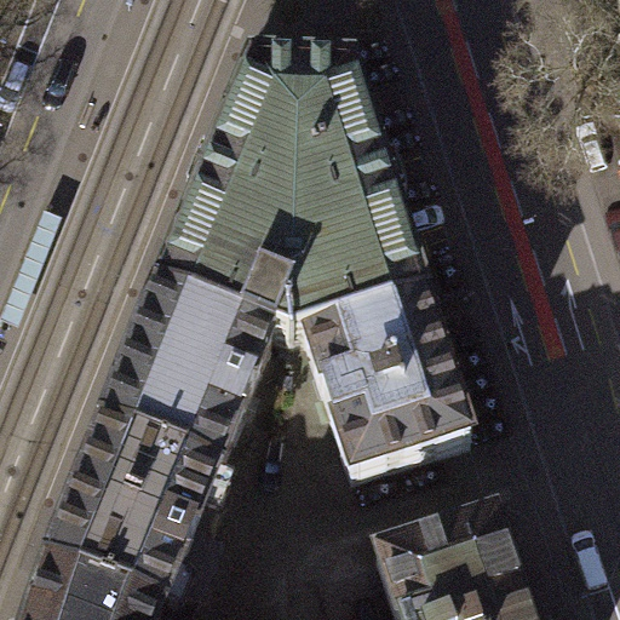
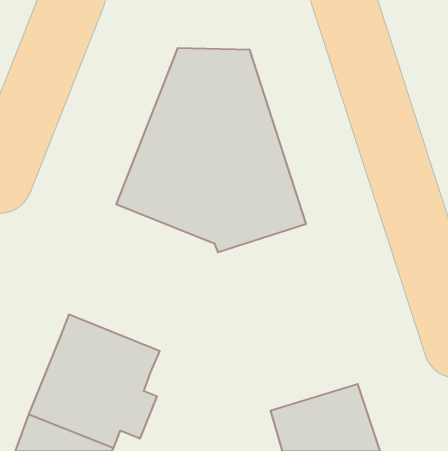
building: [104,277,292,477] -> none
building: [306,304,472,481] -> none

